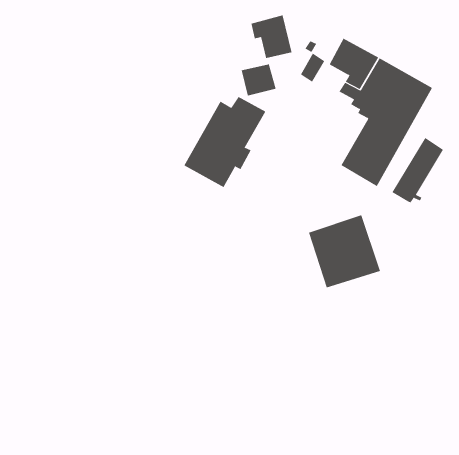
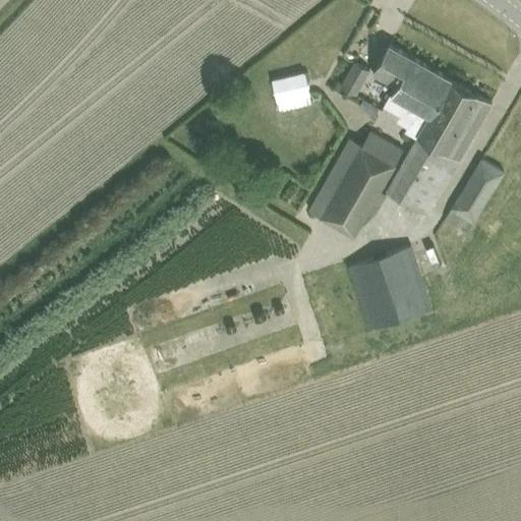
building: [251,15,292,59] -> none
building: [183,96,266,188] -> [308,133,402,237]

